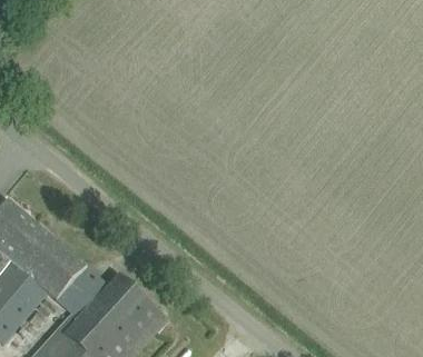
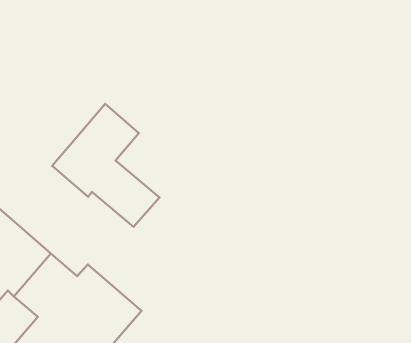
building: none -> [52,104,159,227]

